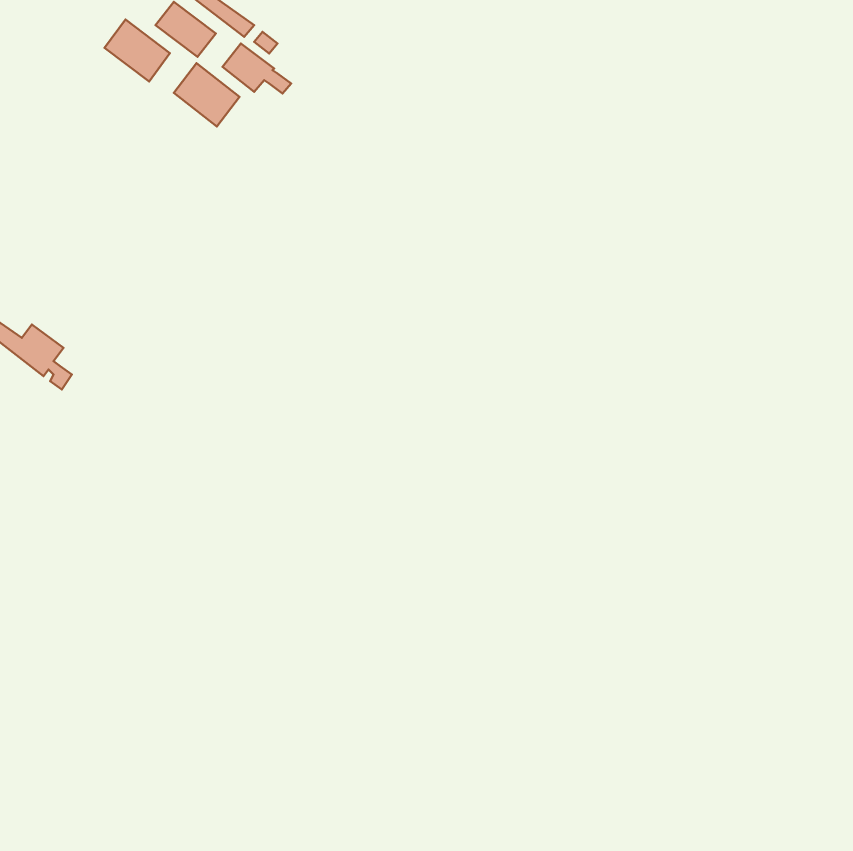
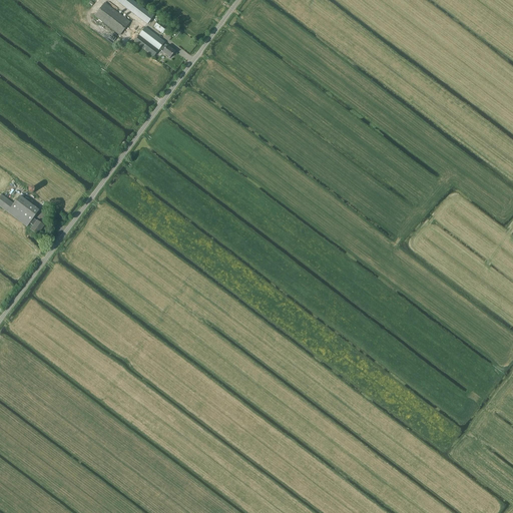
building: [105,19,170,82] -> none
building: [174,63,240,127] -> none

